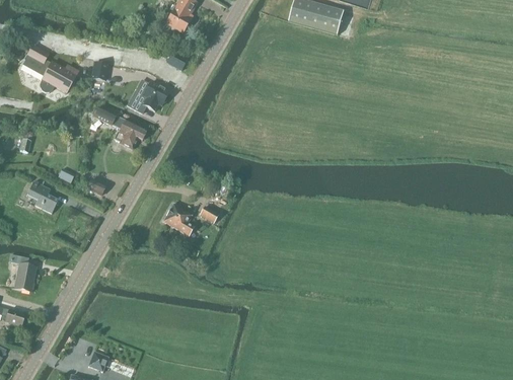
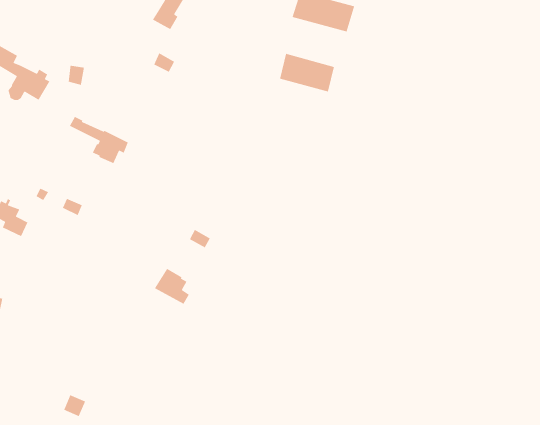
building: none -> [279,53,335,93]
building: [142,80,169,110] -> none
building: [162,203,194,235] -> [154,268,190,305]

